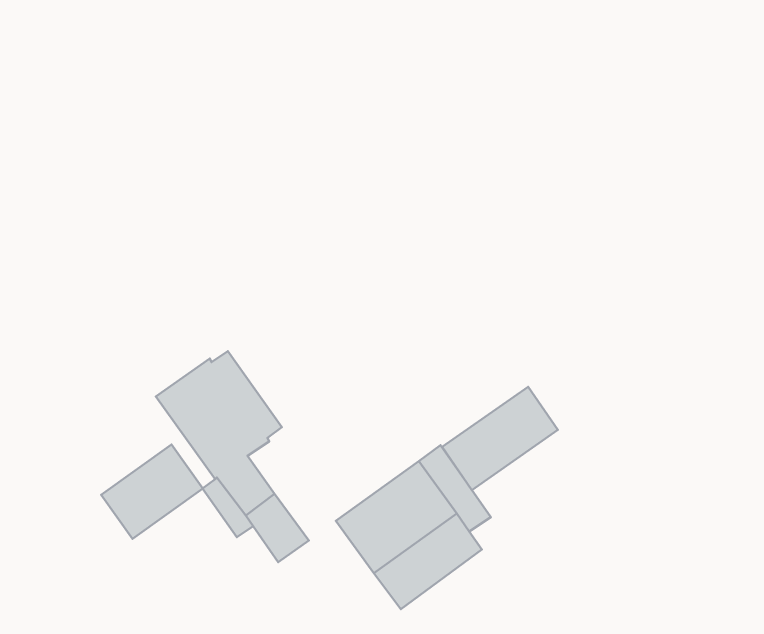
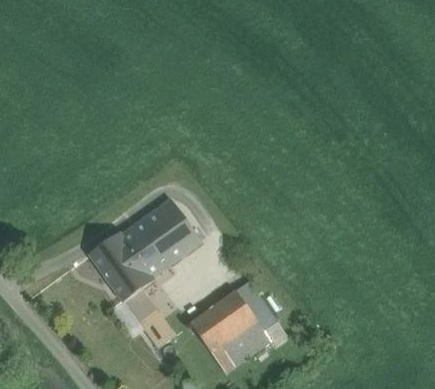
building: none -> [130,200,201,271]
building: [442,387,558,490] -> none
building: [101,444,203,539] -> none

